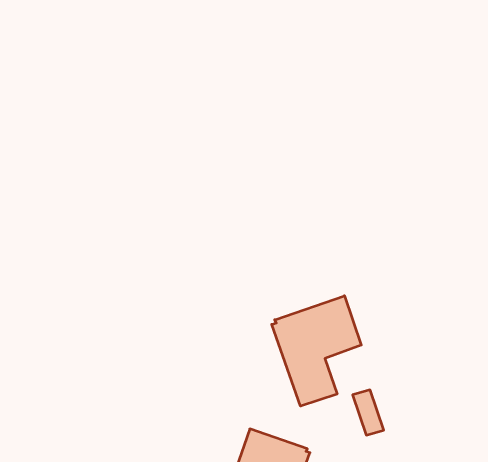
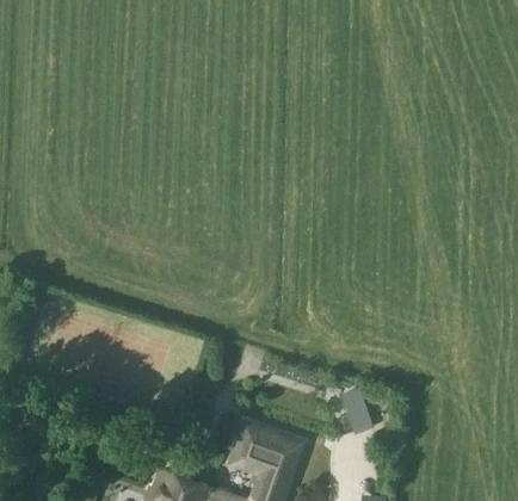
building: [272,296,361,406] -> none

